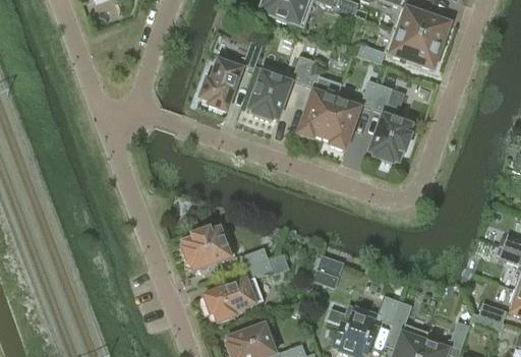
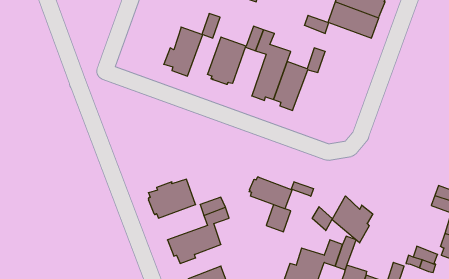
building: [369,83,413,163] -> none
building: none -> [249,177,314,209]
building: none -> [312,196,373,243]

